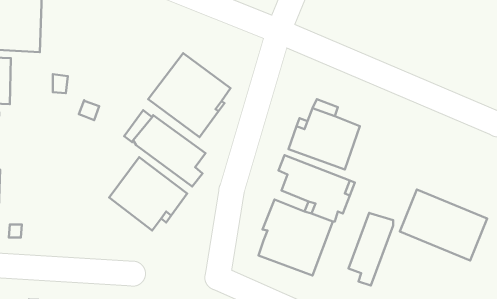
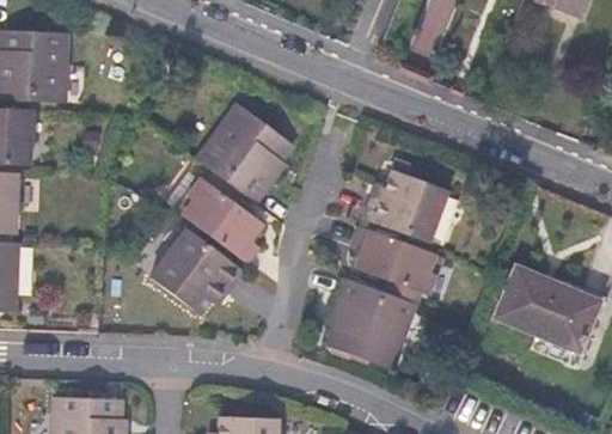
building: [348,213,393,286] -> none

